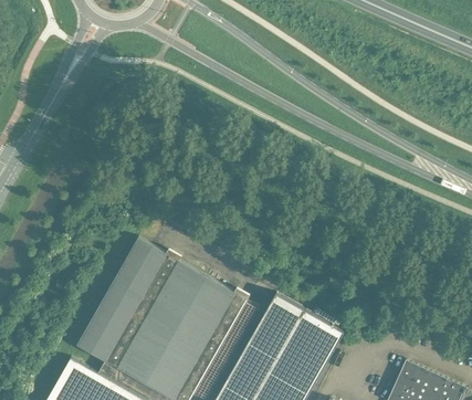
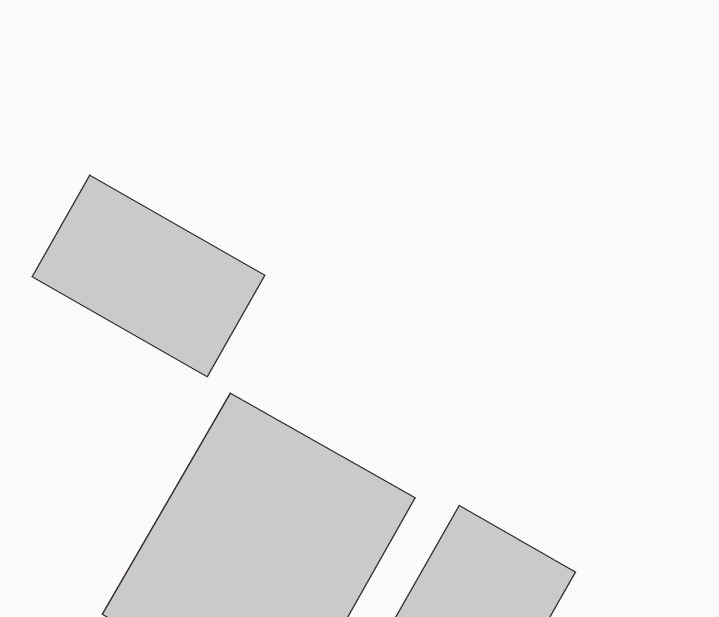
building: none -> [32,175,265,377]

